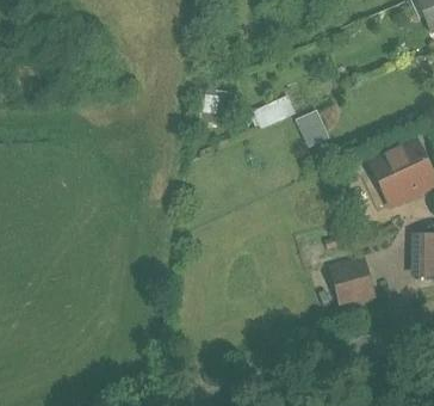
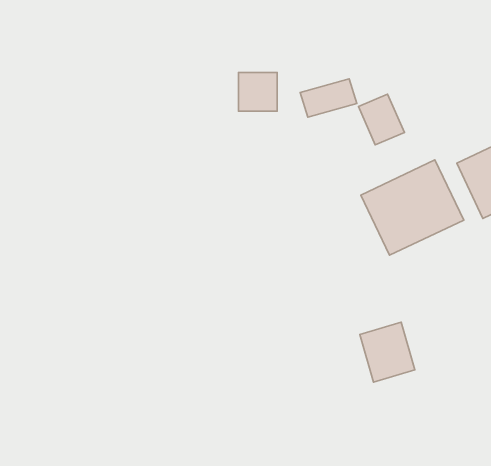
building: none -> [361,160,464,255]
building: [331,258,374,304] -> [360,322,415,382]

